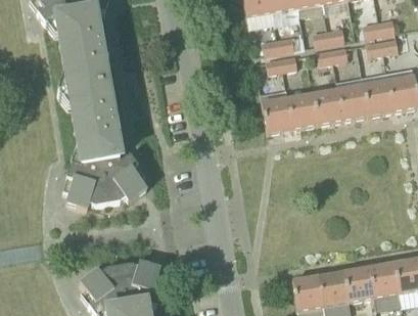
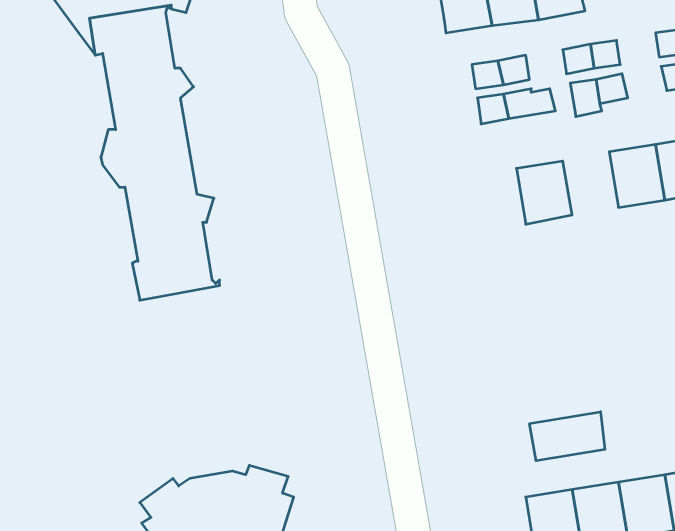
building: [262,89,293,133] -> none
building: [314,89,344,124] -> none
building: [64,150,148,210] -> none
building: none -> [530,412,605,461]

